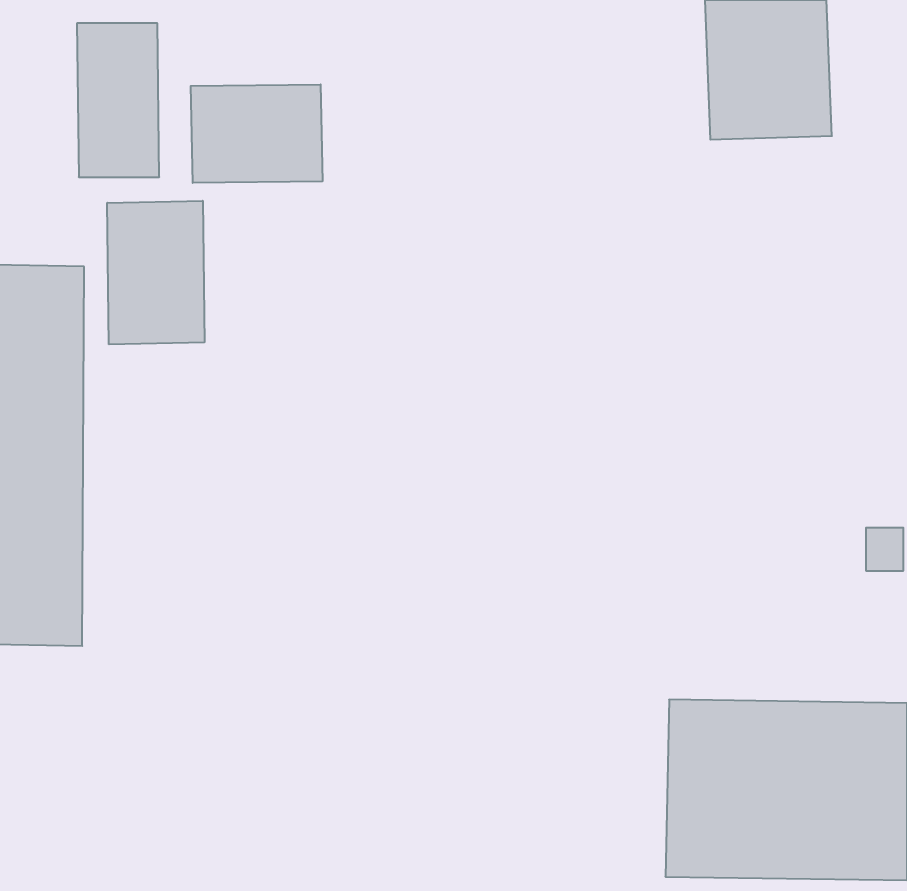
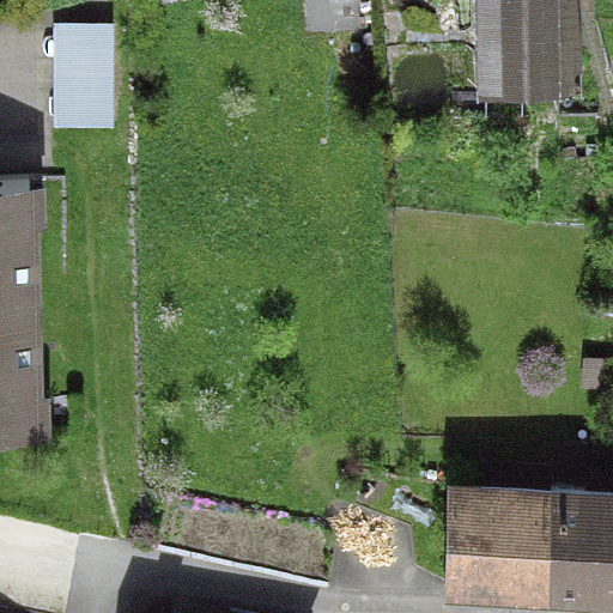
building: [191,84,322,183] -> none
building: [107,201,204,344] -> none

